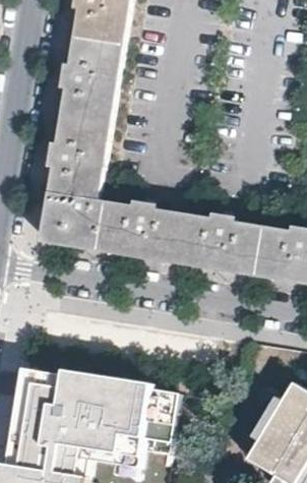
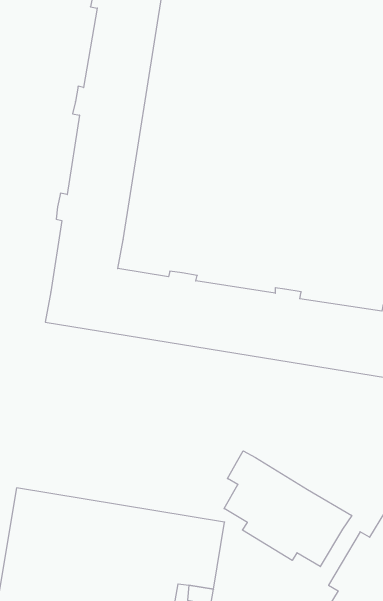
building: none -> [224,451,352,567]

